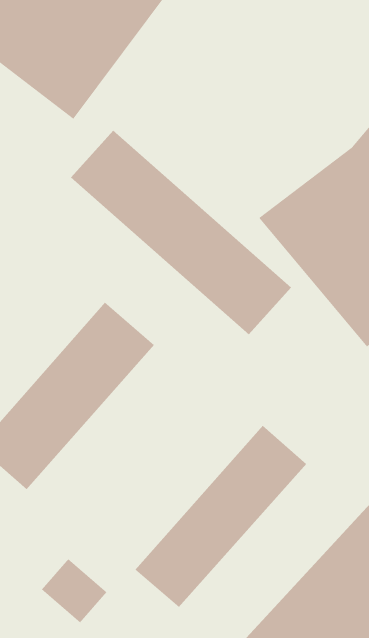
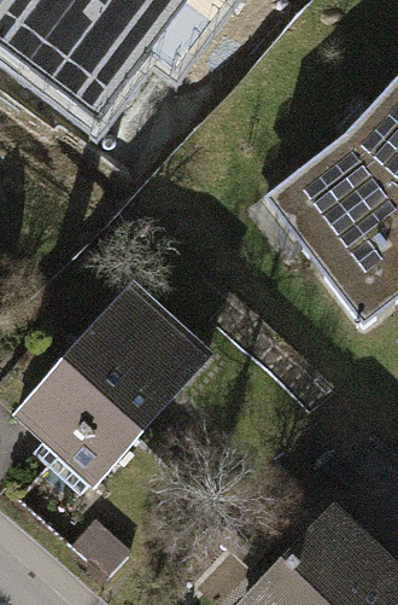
building: [70,130,292,335] -> none
building: [134,425,307,608] -> [51,326,210,495]

